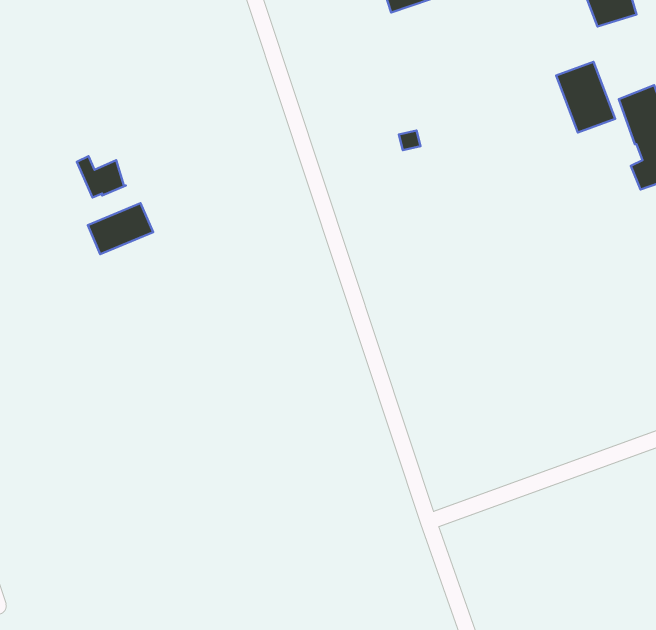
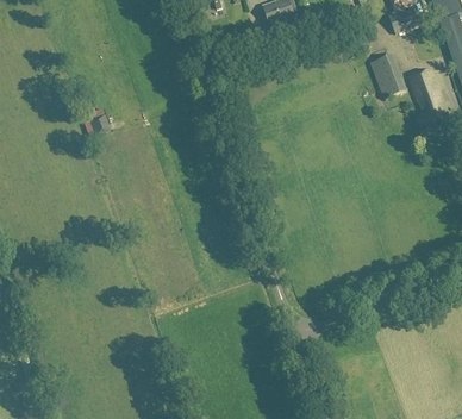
building: [88,203,153,254] -> none

